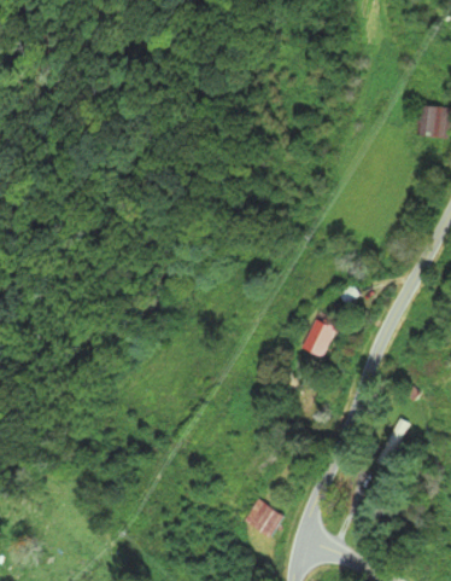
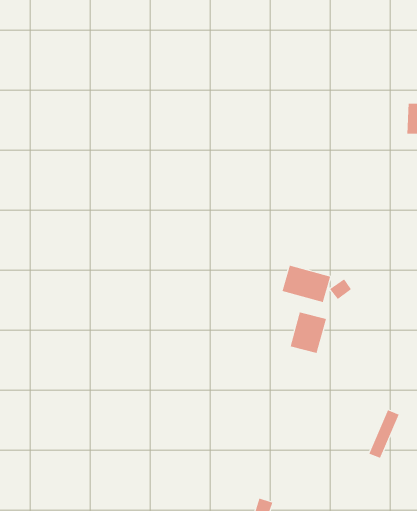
building: none -> [282,265,331,303]

